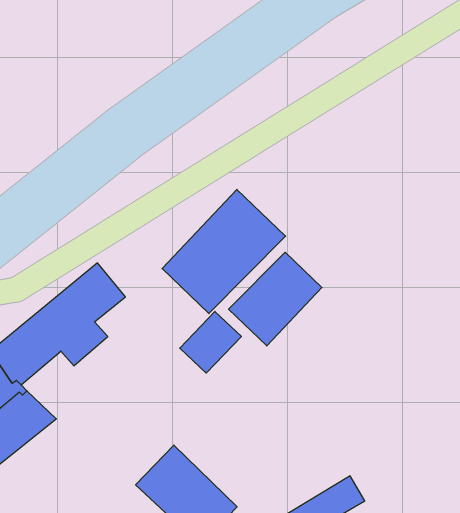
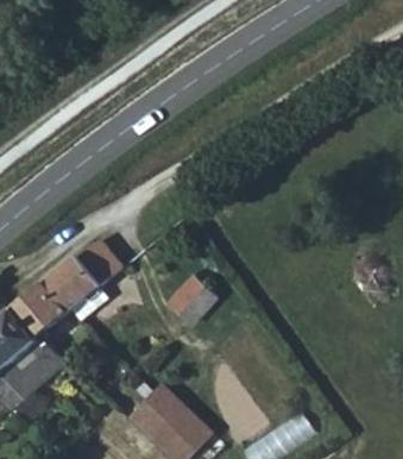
building: [162,189,286,314] -> none
building: [229,252,322,346] -> none

